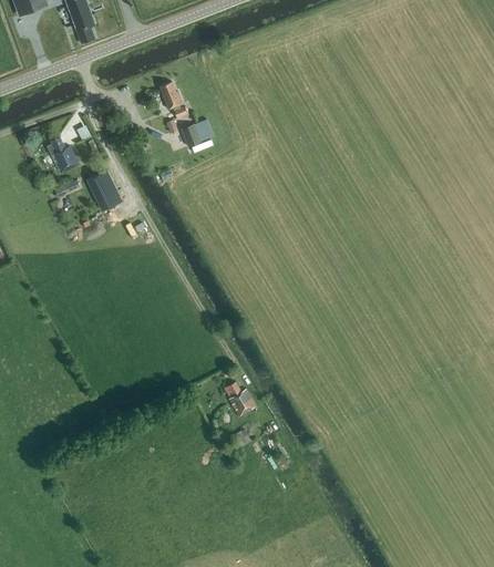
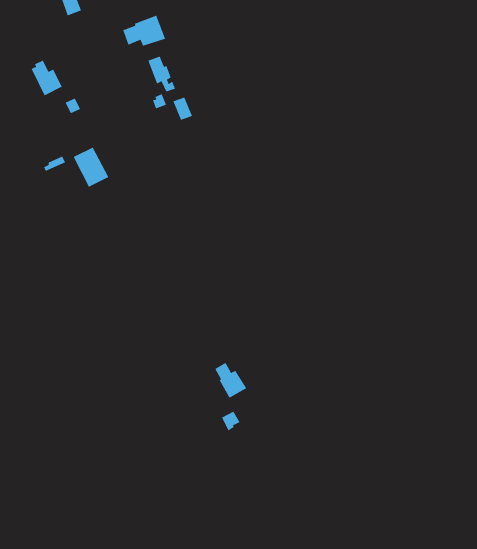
building: none -> [123,15,166,46]
building: [49,137,80,173] -> [31,60,62,96]

